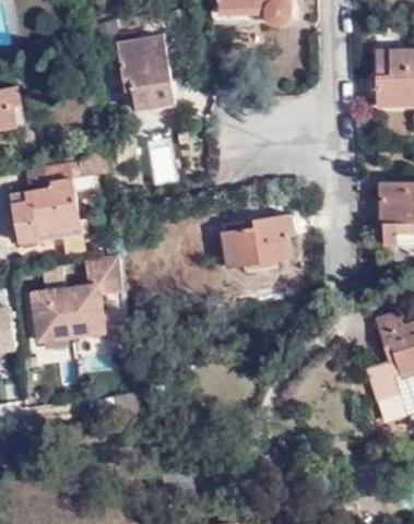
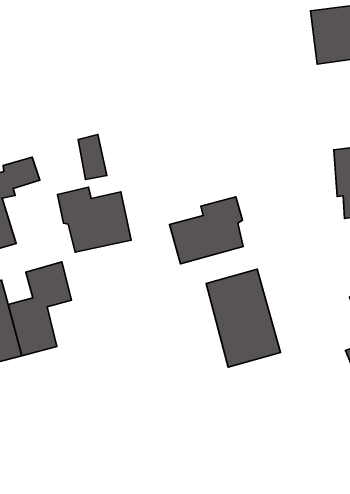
building: [119,36,178,109] -> none
building: none -> [57,187,131,252]
building: none -> [206,269,280,367]

